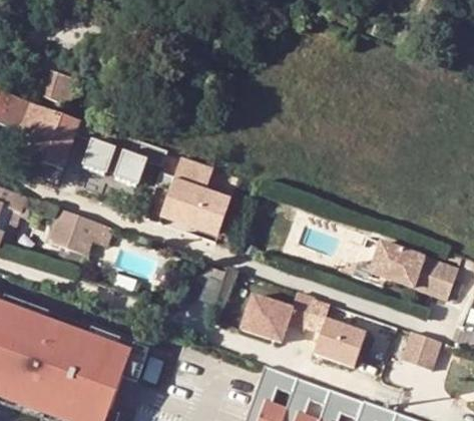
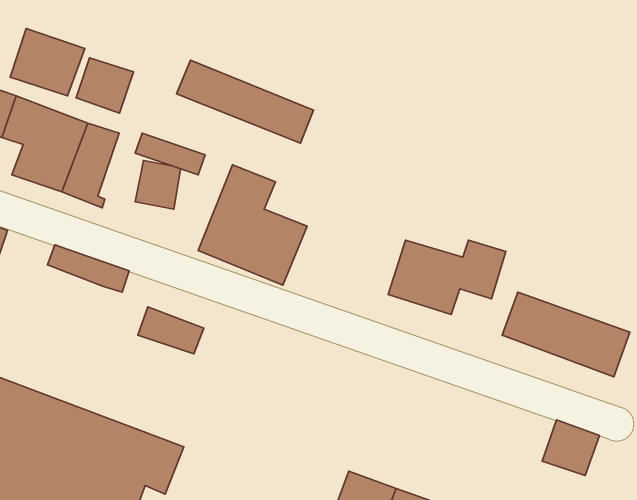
building: none -> [76,58,134,113]
building: none -> [176,60,314,143]
building: [45,223,91,256] -> [138,307,204,354]
building: [238,289,320,341] -> [388,240,506,315]
building: [311,313,365,364] -> none

